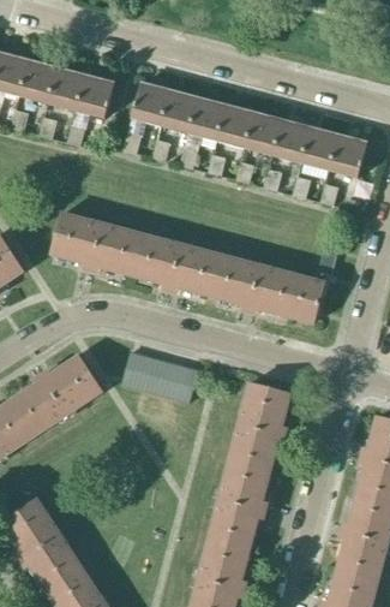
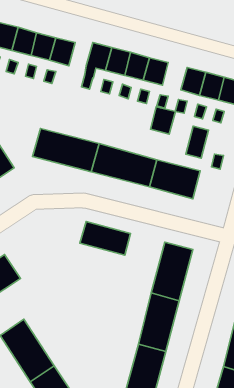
building: [245,113,282,154] -> [151,107,175,134]
building: [290,275,324,323] -> [186,126,208,158]
building: [8,355,101,436] -> none

